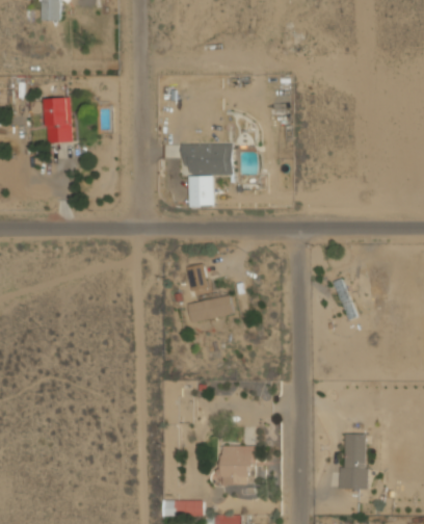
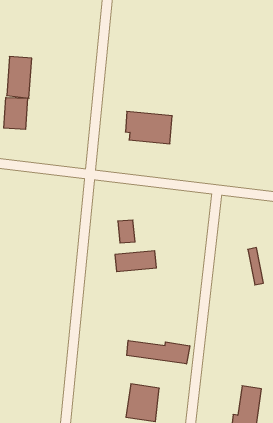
building: none -> [4,97,28,129]
building: [188,175,214,207] -> none
building: none -> [127,340,190,364]

